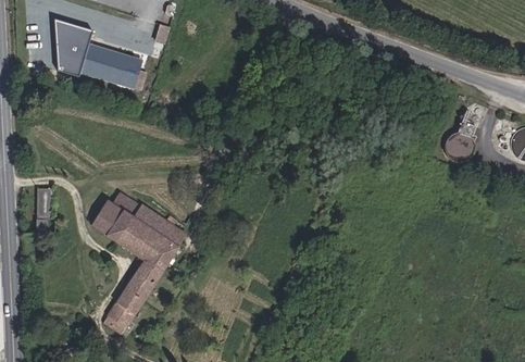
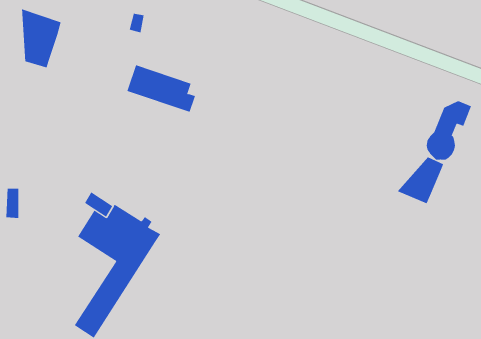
building: [79,41,147,88] -> [126,64,196,113]
building: none -> [397,156,444,204]
building: [90,201,123,237] -> none

